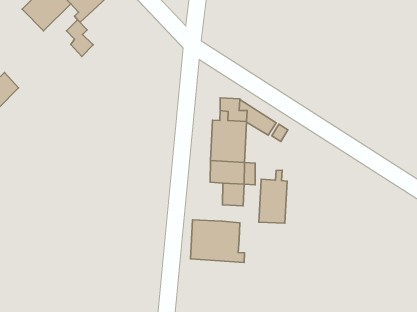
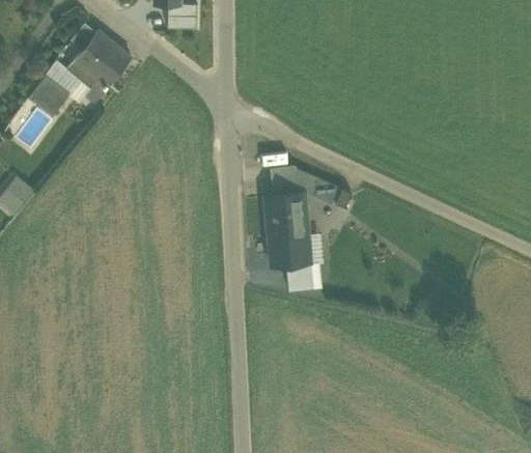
building: [66,20,93,56] -> none
building: [259,170,287,223] -> none
building: [191,220,245,262] -> none

